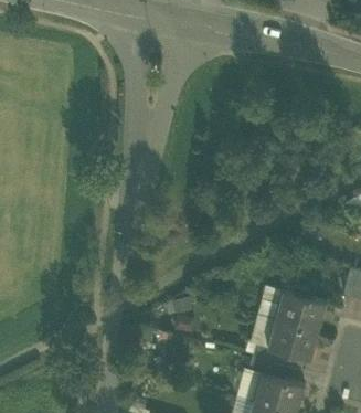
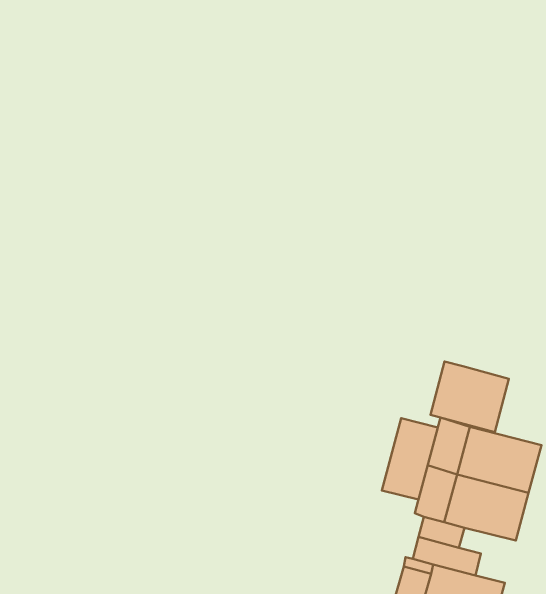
building: none -> [431,362,509,432]
building: none -> [382,418,438,500]

